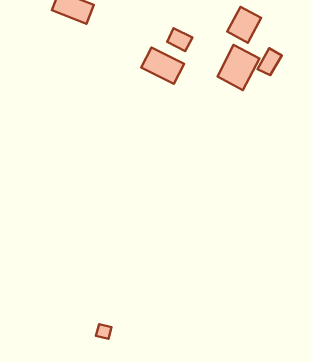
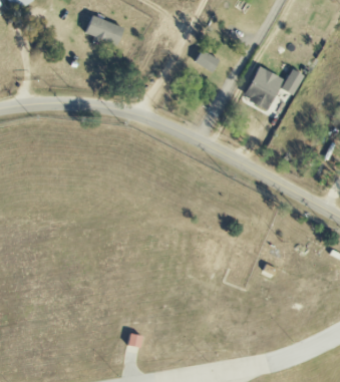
building: [227,7,261,43] -> none
building: [141,48,184,84] -> none

